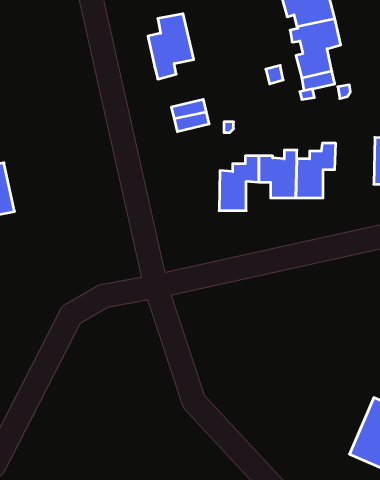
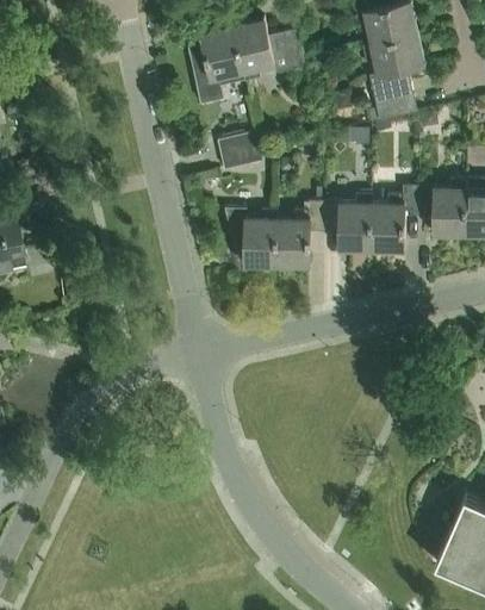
building: none -> [232,20,305,83]
building: none -> [418,179,467,236]
building: none -> [224,210,278,268]

